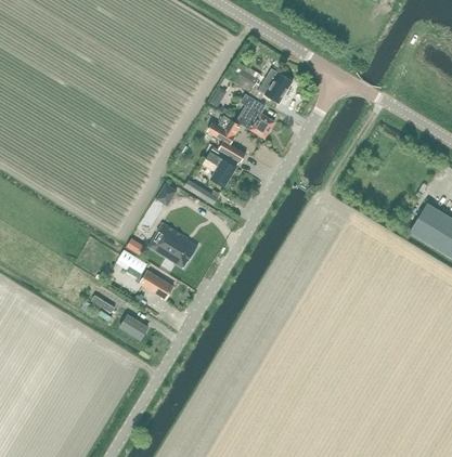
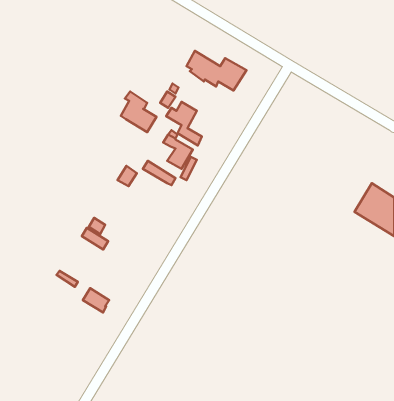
building: [236,94,274,138] -> [121,92,156,132]
building: [147,221,198,267] -> none
building: [139,270,173,299] -> none

